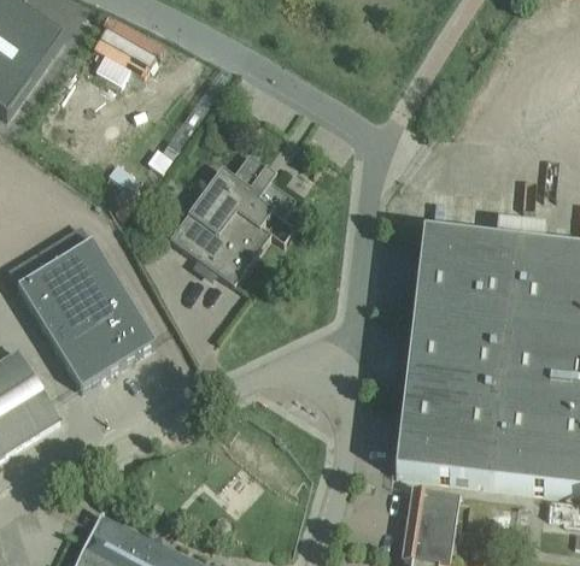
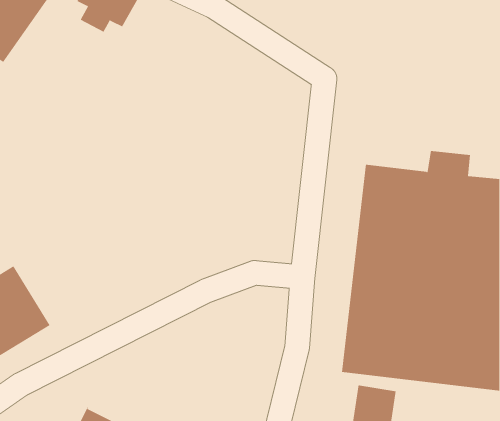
building: [170,153,295,284] -> none
building: [18,240,156,388] -> none

